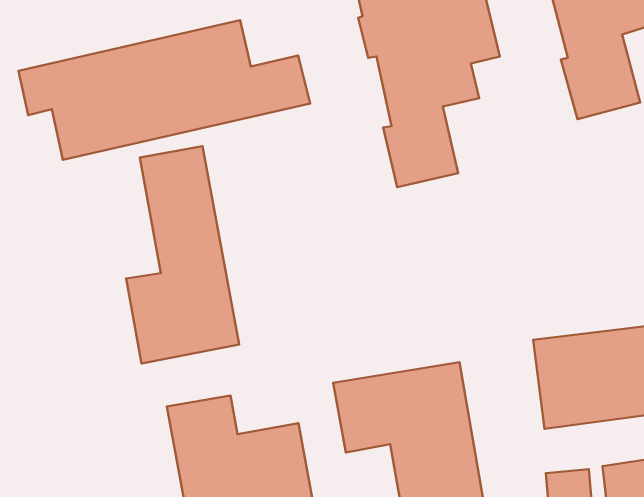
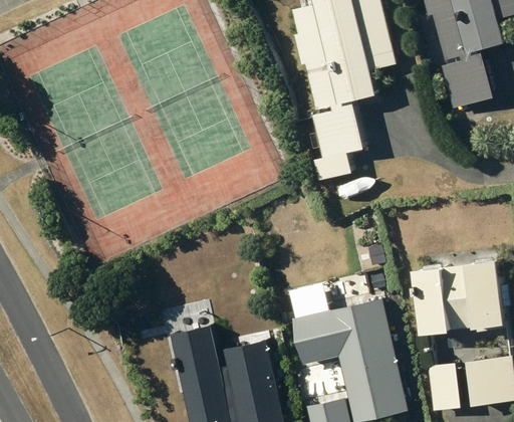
building: [19,20,310,160] -> none
building: [126,146,239,364] -> none

